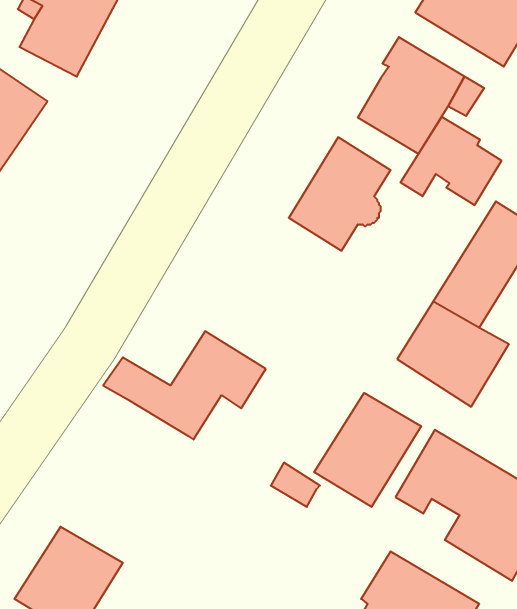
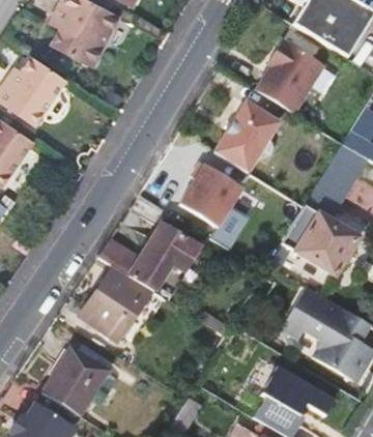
building: [401,117,501,205] -> none
building: none -> [181,163,243,228]
building: [314,393,421,507] -> none
building: none -> [82,266,151,340]

